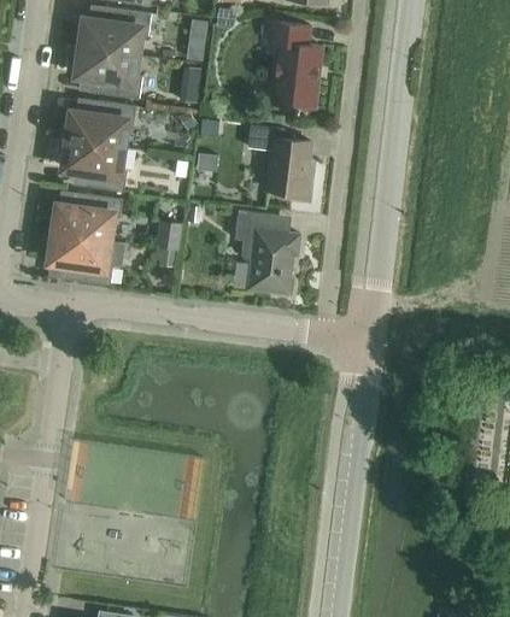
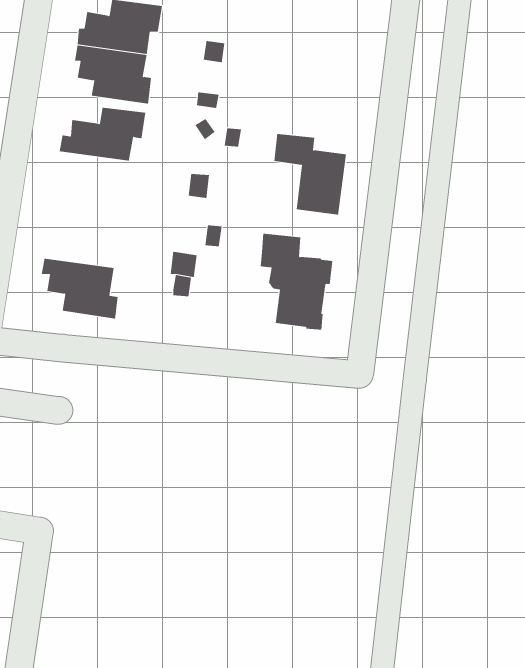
building: [268,22,322,108] -> none
building: [58,140,127,193] -> none
building: [47,193,122,241] -> none

